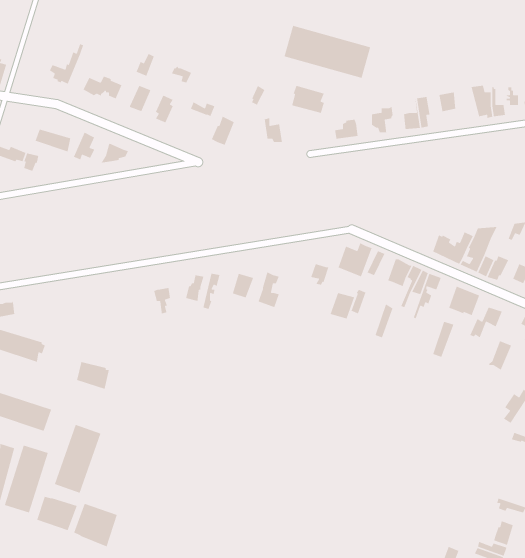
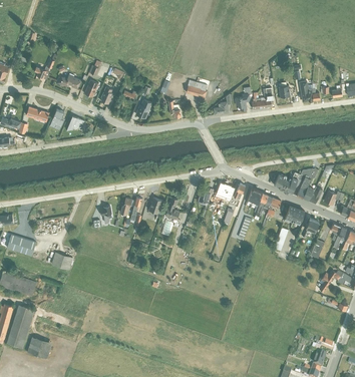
building: [283,25,371,79] -> none
building: [54,424,101,494] -> none
building: [73,503,118,547] -> none

